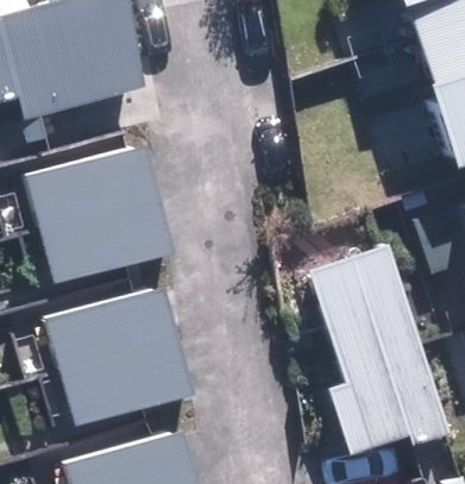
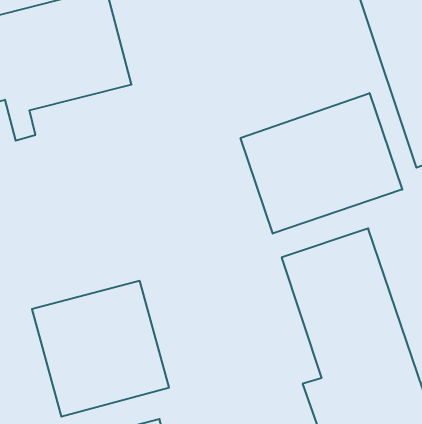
building: none -> [241,93,402,234]
building: [29,144,168,282] -> none

